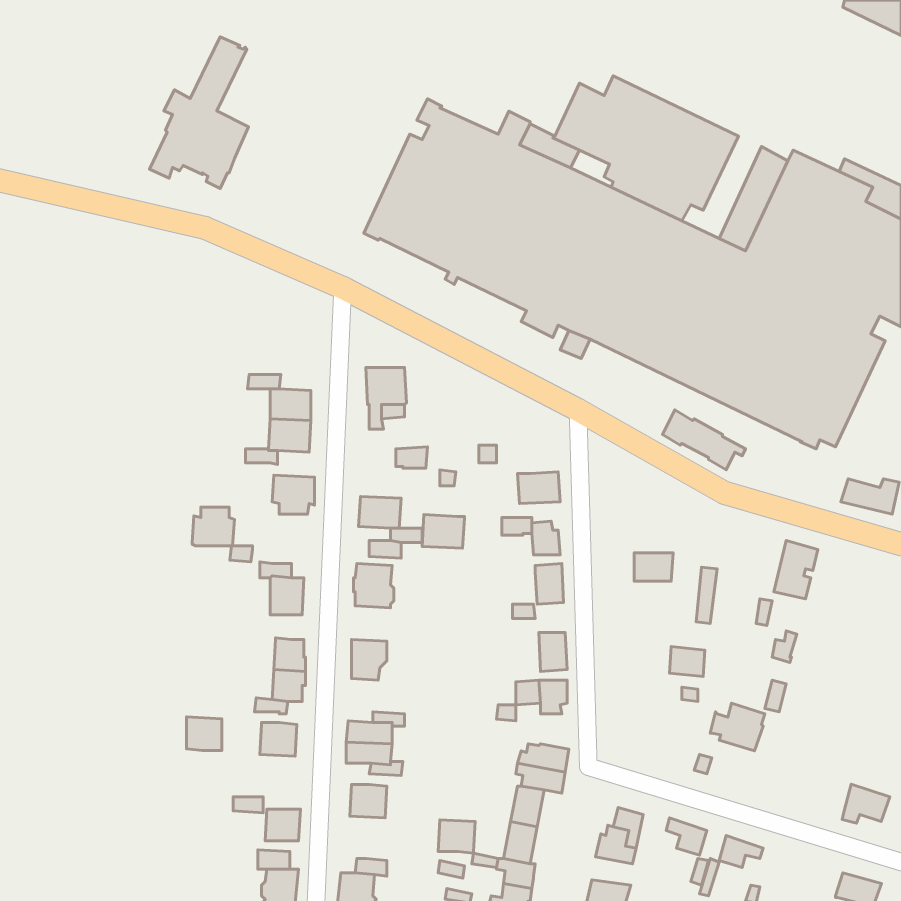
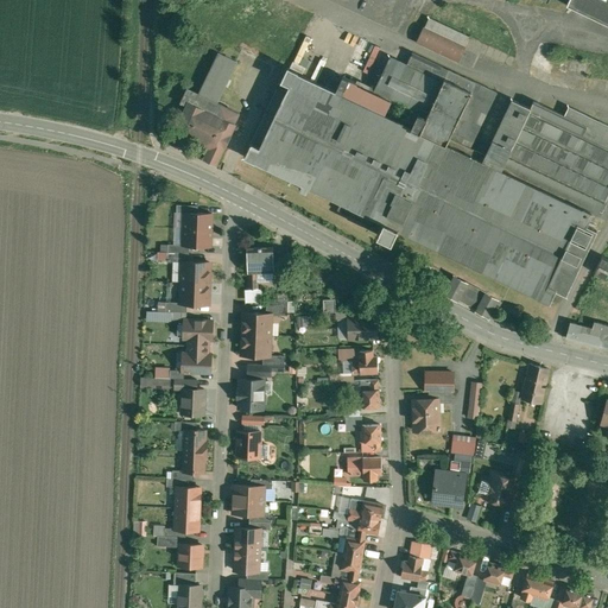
building: none -> [417,18,469,62]
building: [150,37,249,189] -> [171,53,238,156]
building: none -> [183,213,211,247]
building: [192,507,234,546] -> [182,347,210,373]
building: [422,515,464,548] -> [242,314,271,336]
building: none -> [412,392,438,428]
building: none -> [433,471,463,507]
building: [186,717,222,751] -> [175,508,198,531]
building: [842,784,890,823] -> [520,575,552,601]
building: [438,820,475,853] -> [234,550,259,572]

